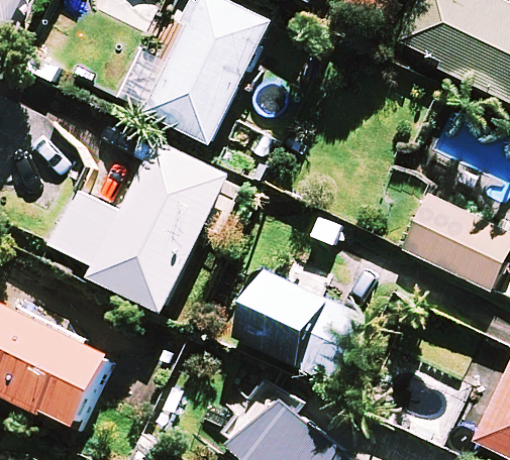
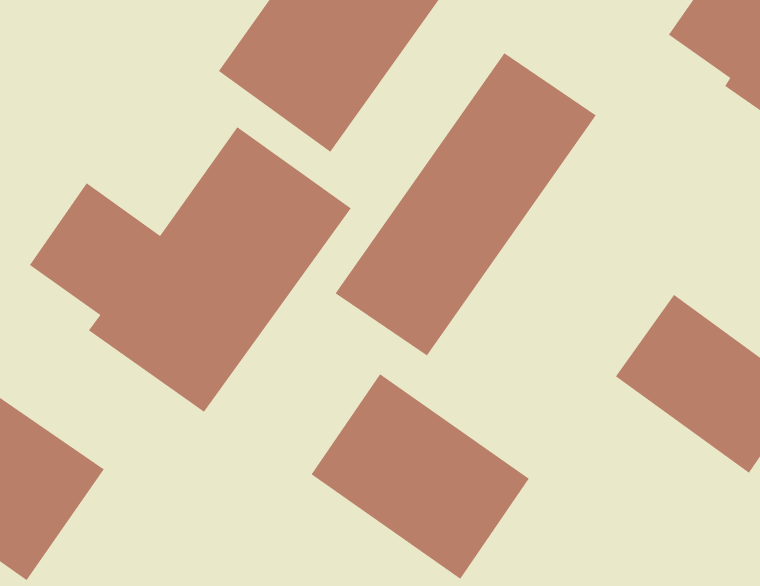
building: none -> [335,52,597,357]

